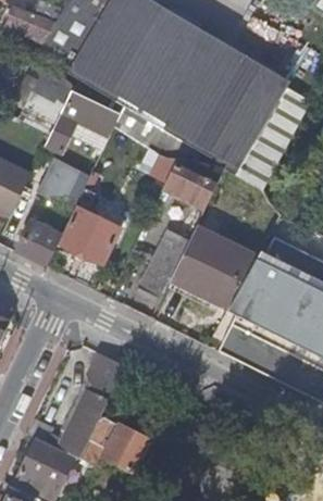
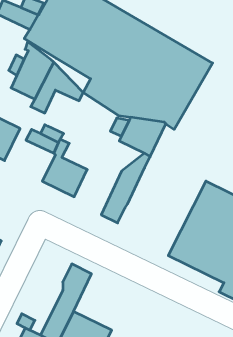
building: [15,221,61,266] -> none
building: [170,225,258,308] -> none

